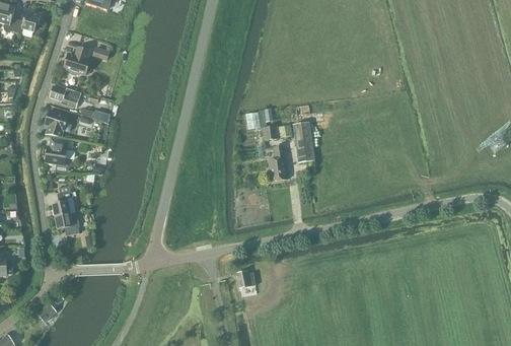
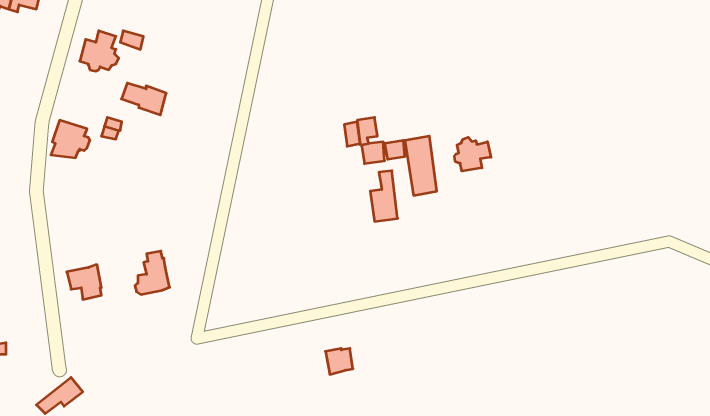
building: [49,85,80,108] -> [121,83,166,115]
building: none -> [454,137,491,171]
building: [45,137,73,172] -> none
building: [51,186,75,216] -> [135,251,170,294]

